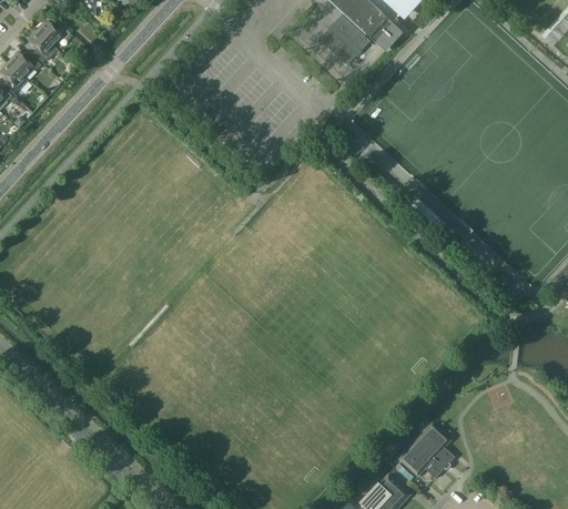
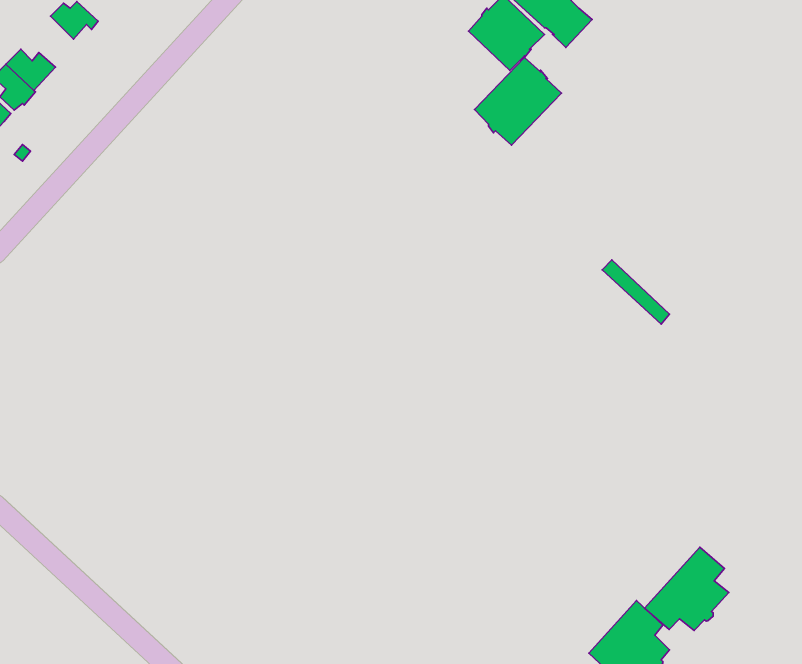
building: [28,29,58,62] -> none
building: none -> [475,57,562,145]
building: none -> [645,547,729,630]

